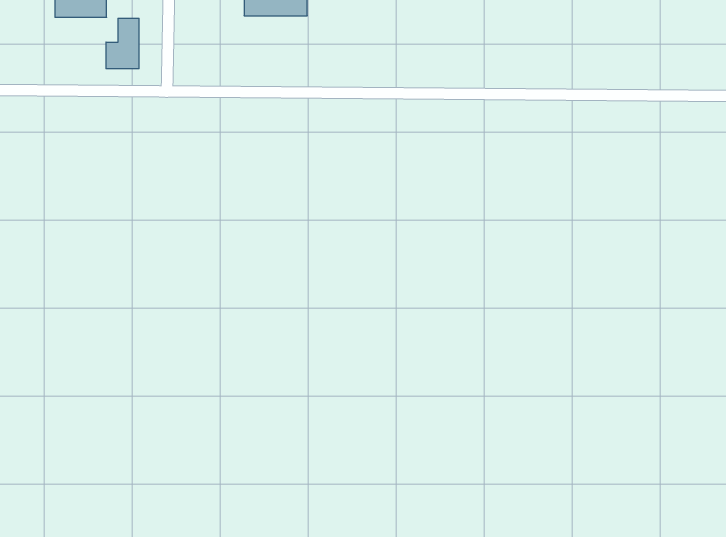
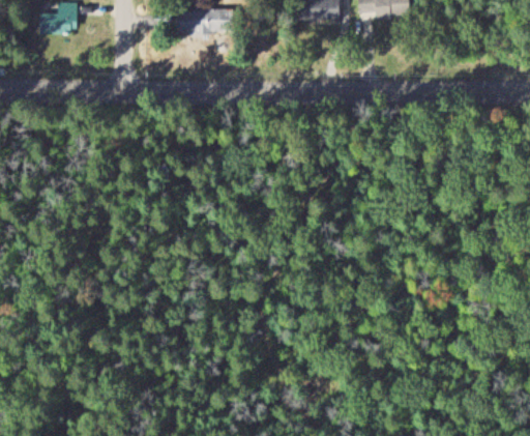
building: [106,18,139,69] -> none

